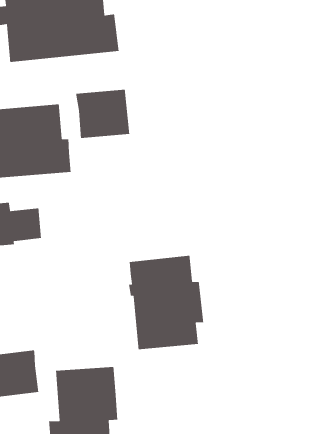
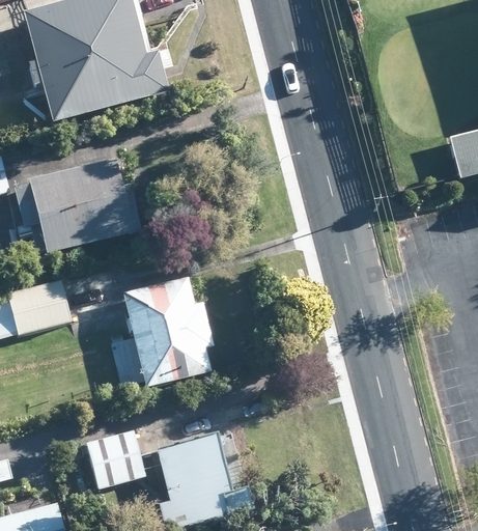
building: [75,89,130,139] -> none
building: [128,255,204,350] -> [120,275,213,387]

